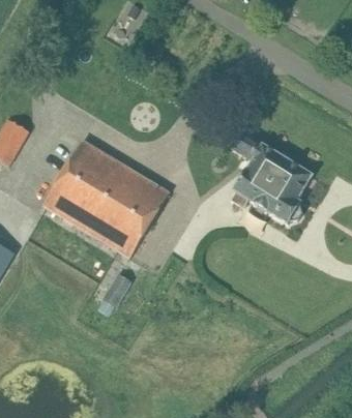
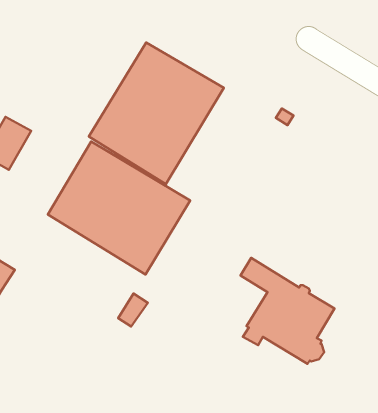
building: none -> [89,42,224,184]
building: [229,129,312,222] -> [241,258,335,364]

